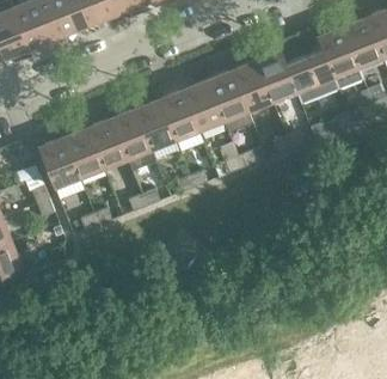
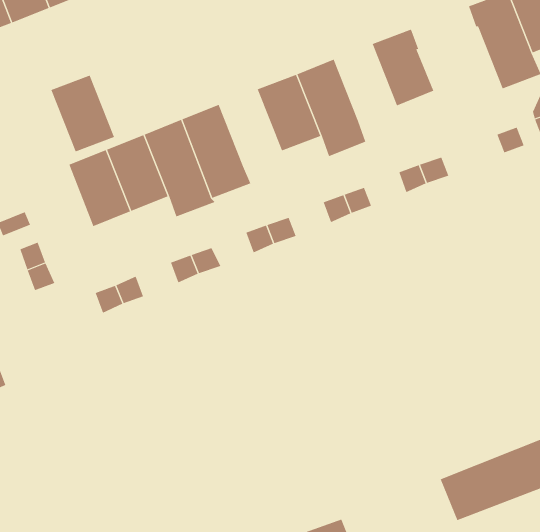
building: [284,50,338,104] -> none
building: [232,61,271,110] -> none
building: [159,90,198,139] -> none
building: [38,137,79,187] -> [51,75,115,152]

